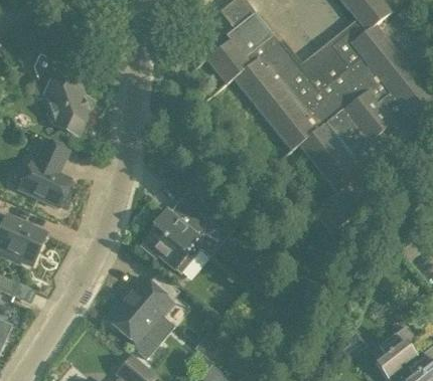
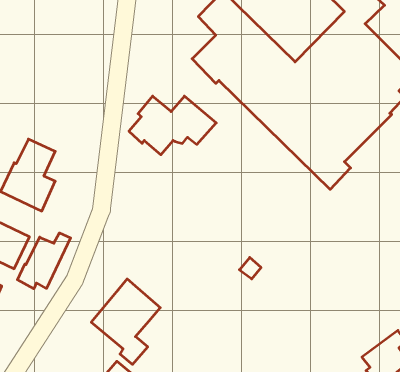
building: [25,49,93,135] -> none
building: [143,211,229,268] -> [129,96,216,155]
building: none -> [17,233,71,289]

